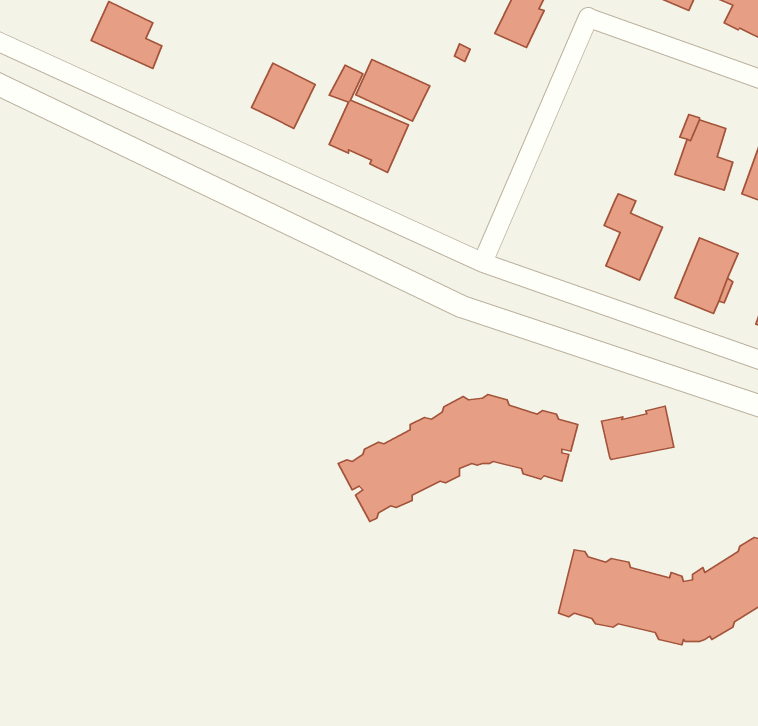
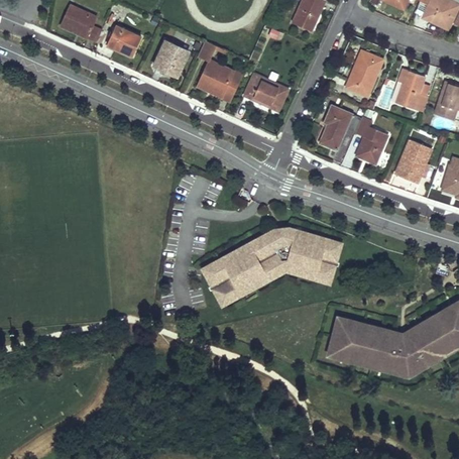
building: none -> [108,25,141,55]
building: [356,59,430,121] -> [245,75,288,110]
building: none -> [346,51,382,96]
building: none -> [319,105,361,149]
building: [602,406,674,460] -> none

